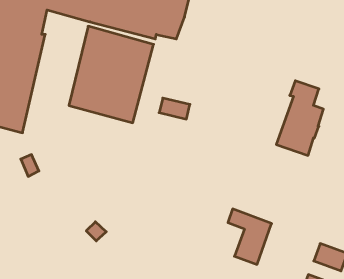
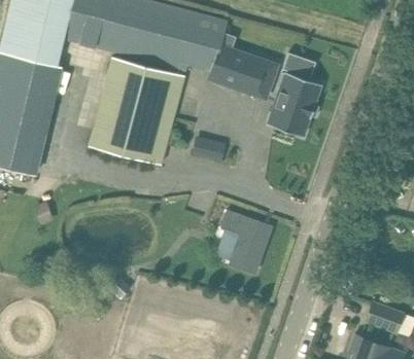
building: none -> [207,46,276,99]
building: [276,81,323,155] -> [267,53,320,138]
building: [228,209,272,264] -> [221,211,271,274]

